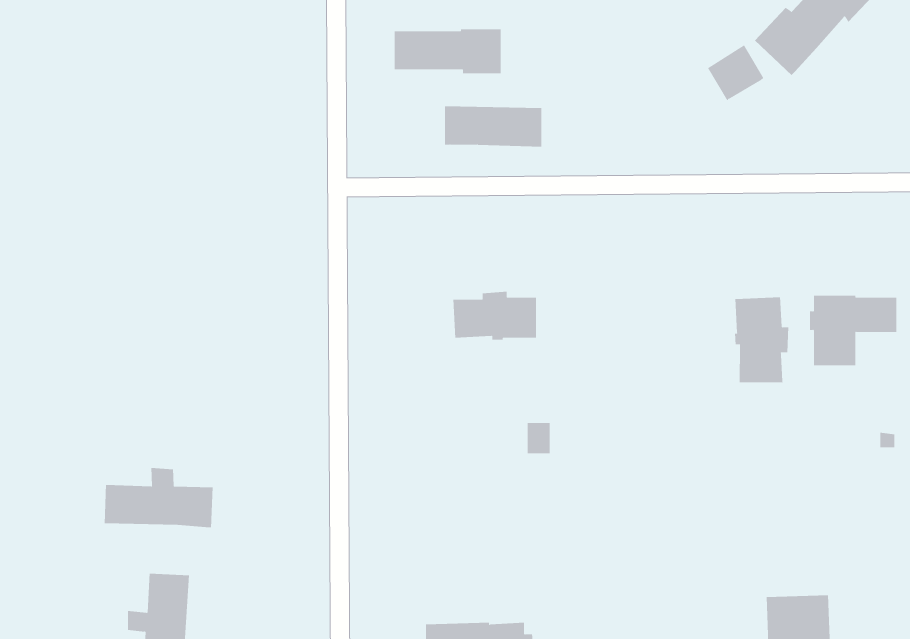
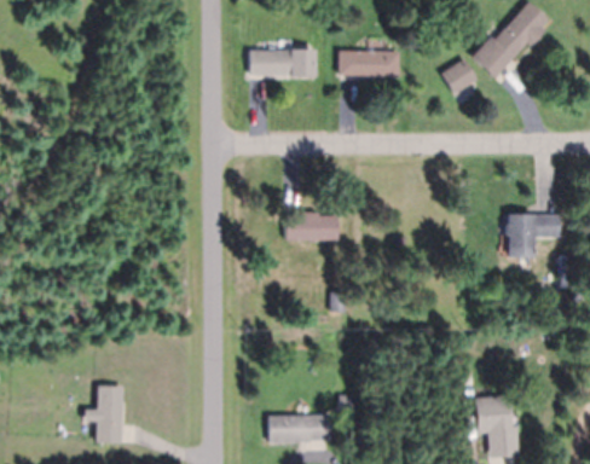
building: [444,106,542,147] -> [339,51,399,76]
building: [734,296,789,383] -> none
building: [104,467,213,528] -> none

